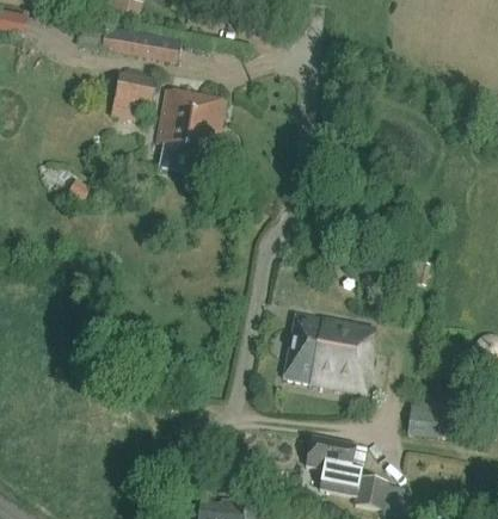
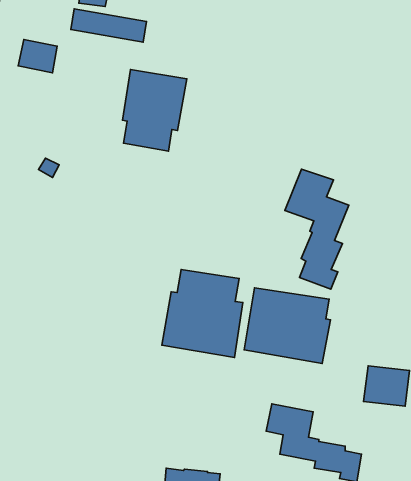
building: [115,70,155,105] -> [18,39,57,73]
building: none -> [285,169,349,289]
building: none -> [162,269,243,357]

